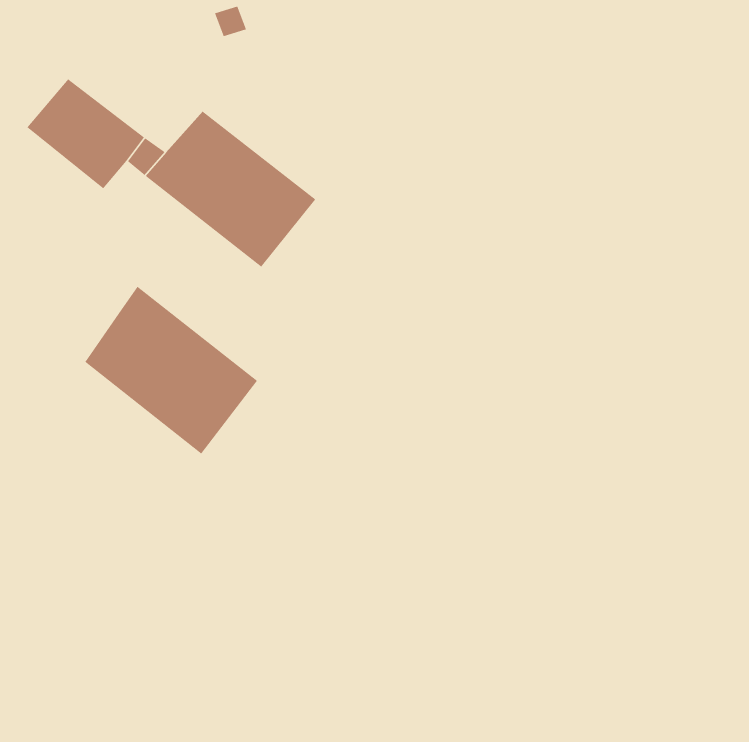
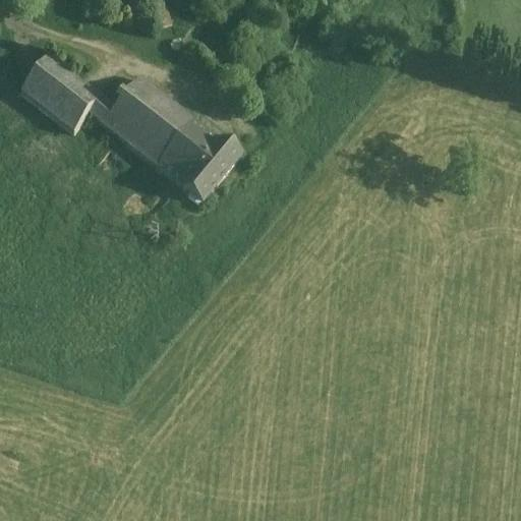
building: none -> [180,135,239,201]
building: [85,286,258,454] -> none

